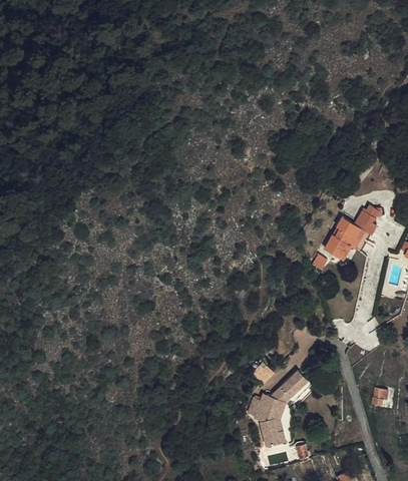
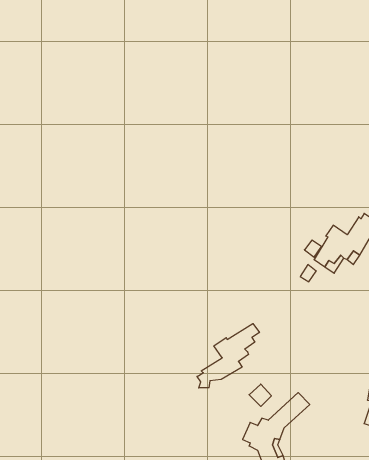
building: none -> [197,324,259,388]

